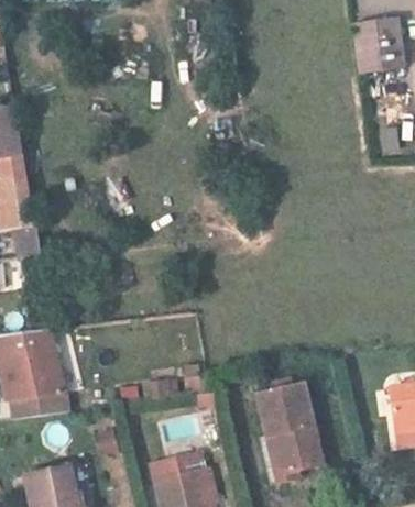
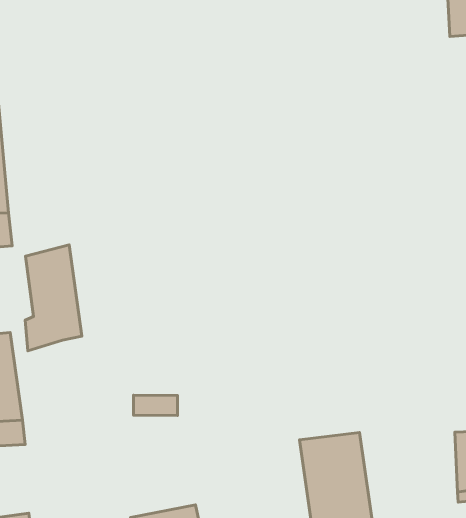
building: none -> [25,245,82,351]

